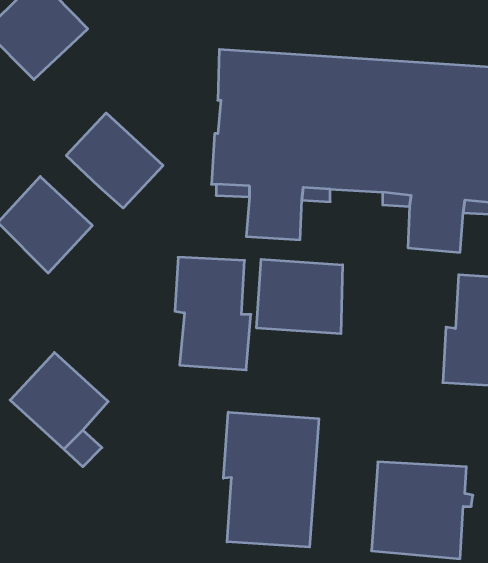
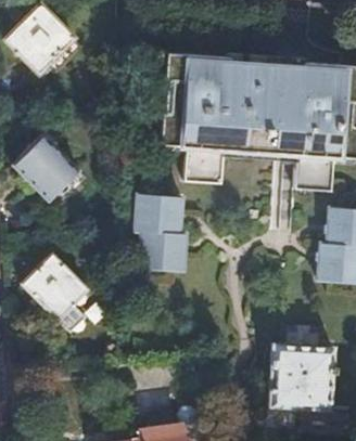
building: [66,113,163,208] -> none
building: [257,259,343,334] -> none
building: [223,412,319,547] -> none

